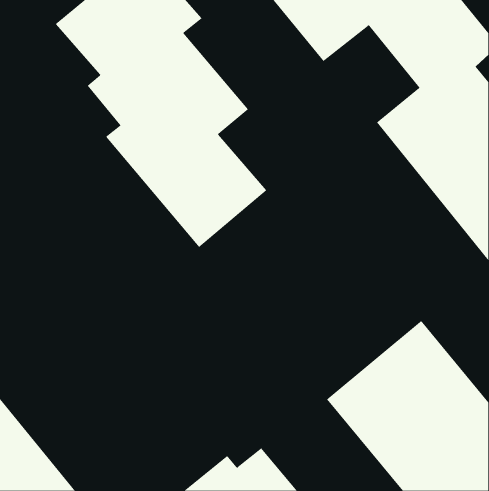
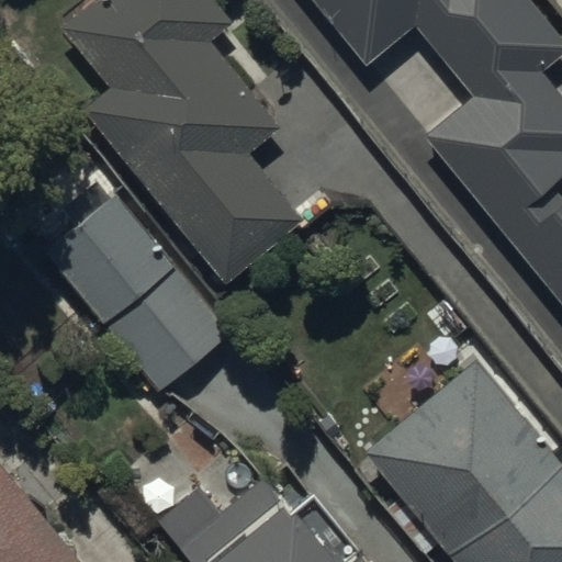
building: none -> [46,195,234,396]

